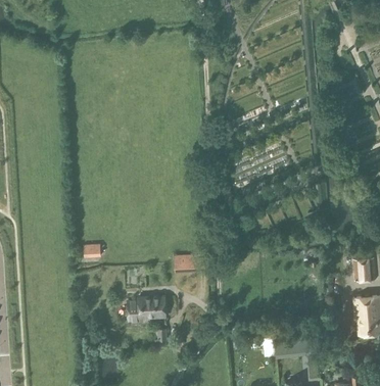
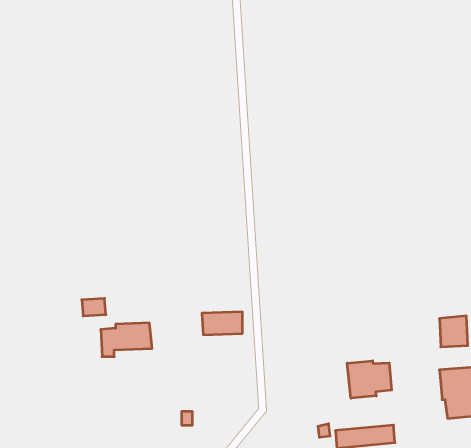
building: none -> [347,361,392,398]
building: [127,296,165,322] -> [101,323,152,357]

